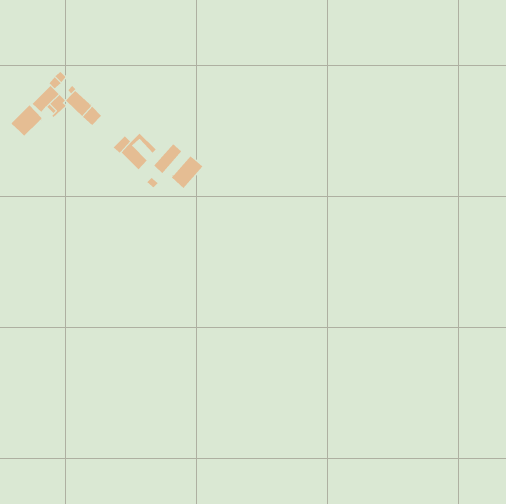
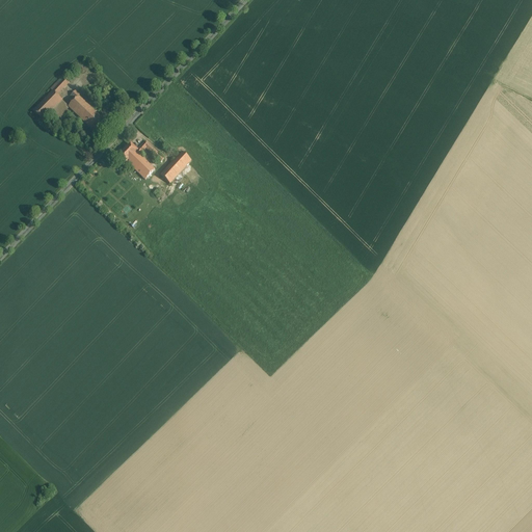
building: [11,105,43,136] -> none
building: [171,156,203,189] -> none

